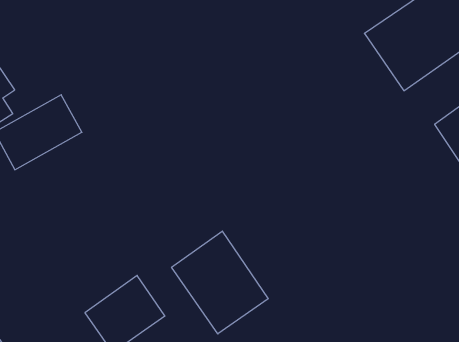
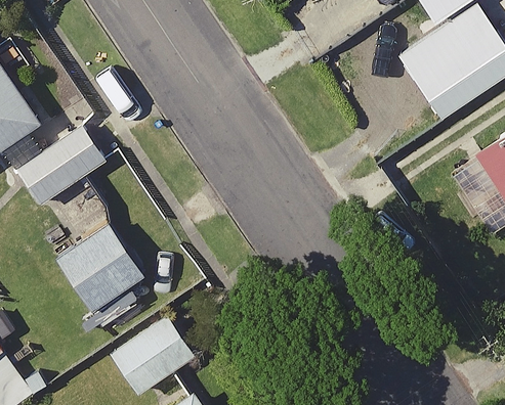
building: none -> [55,221,141,327]
building: [172,231,268,334] -> none

